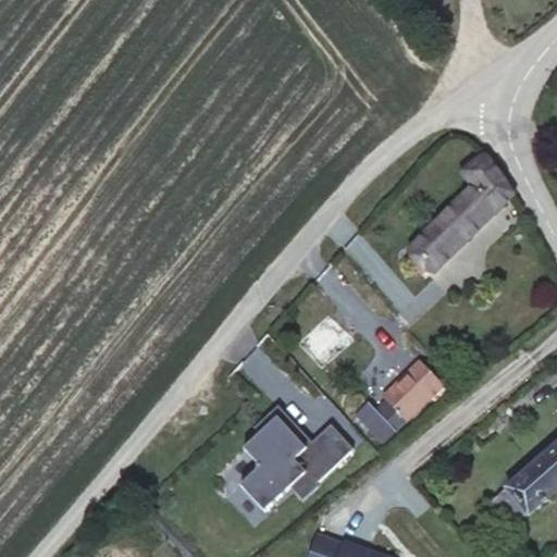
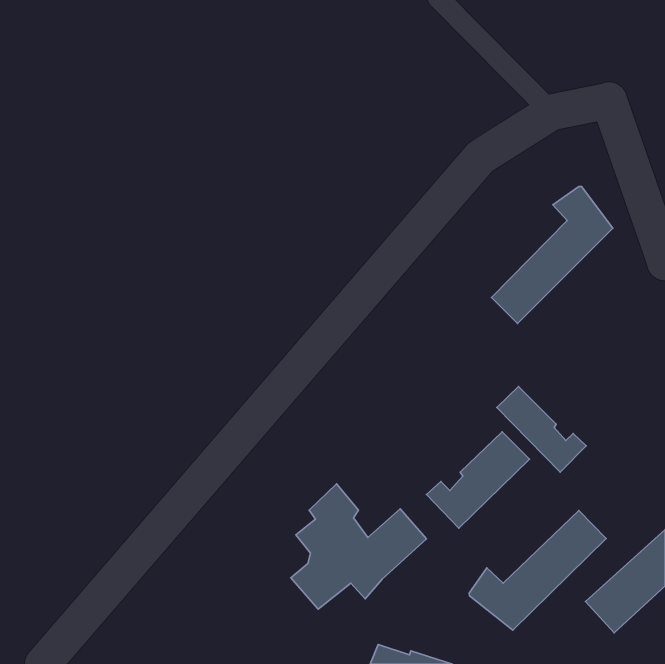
building: none -> [497,386,586,472]
building: none -> [469,511,606,630]

